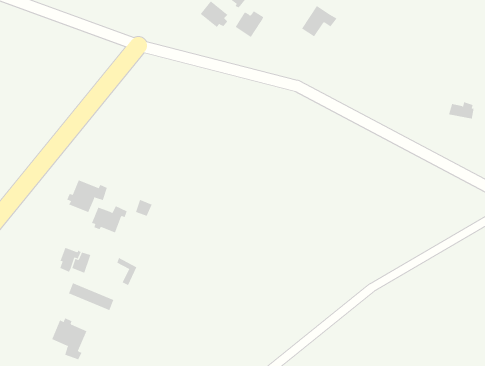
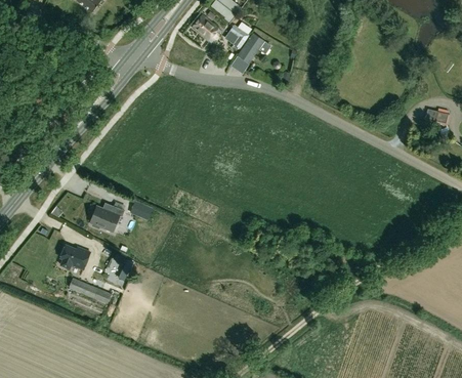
building: [301,5,337,37] -> [237,34,270,64]
building: [66,179,108,213] -> none
building: [51,317,87,360] -> none

